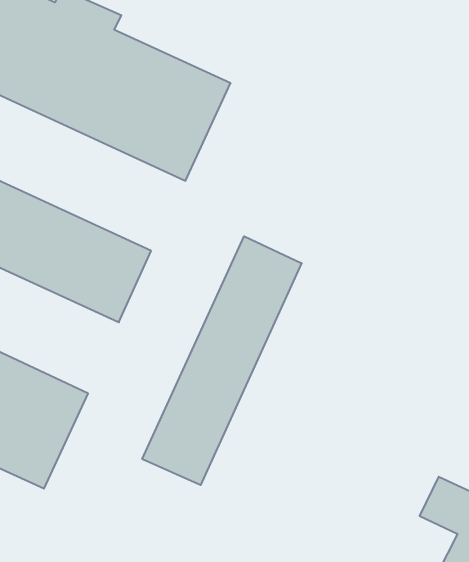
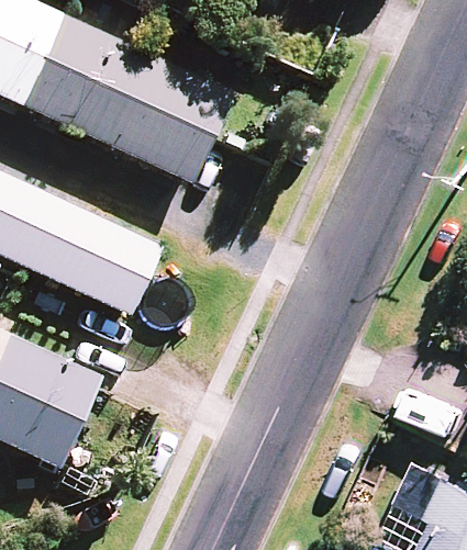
building: [142,236,302,485] -> none

